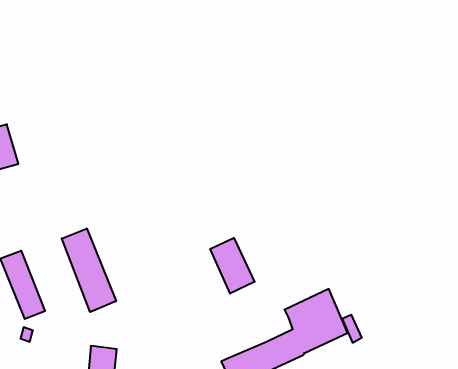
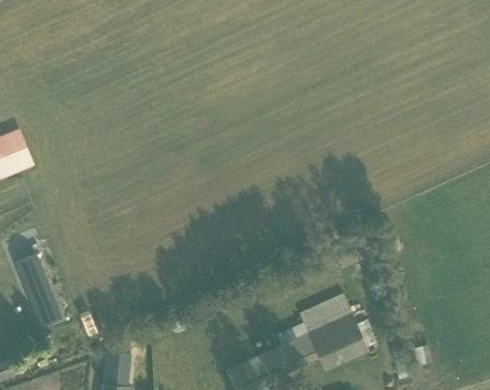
building: [62,228,116,312] -> none
building: [210,238,255,294] -> none

